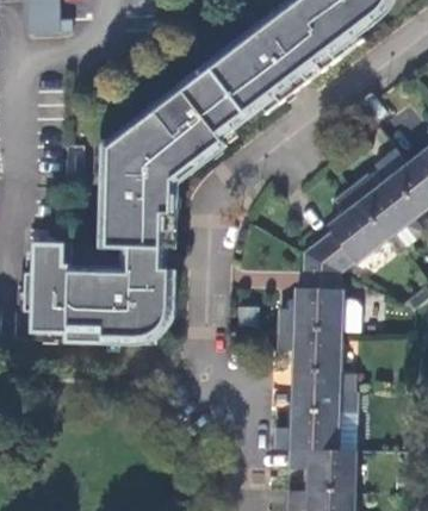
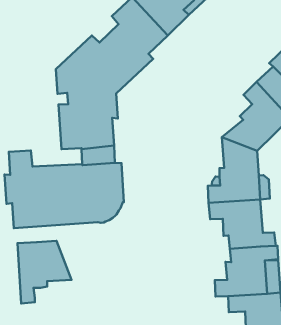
building: none -> [18,241,71,303]

